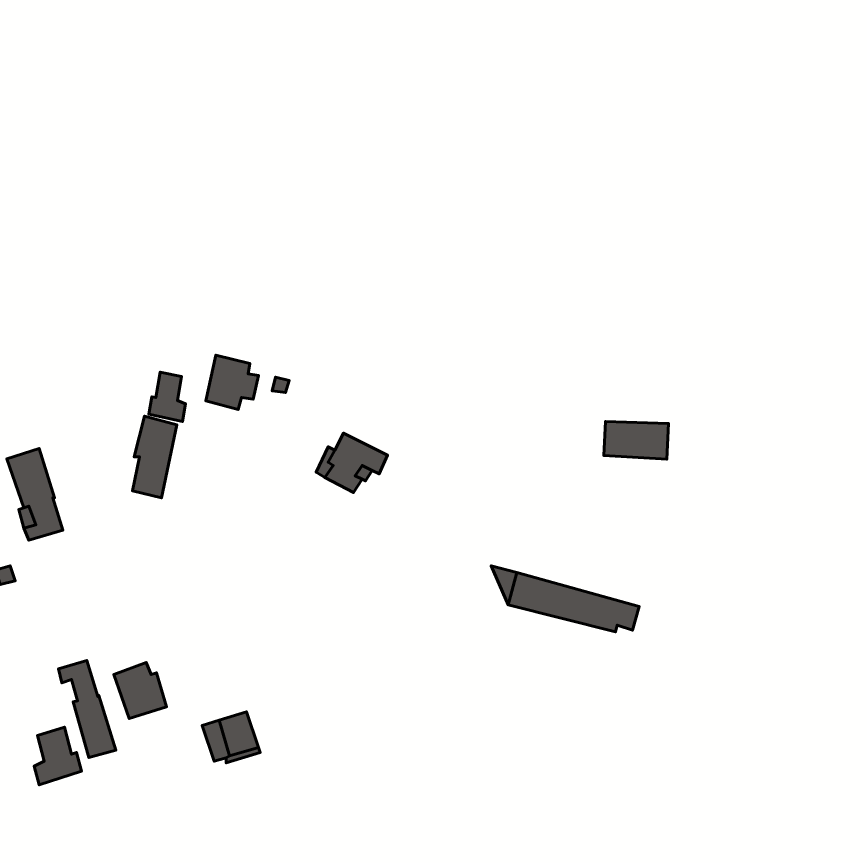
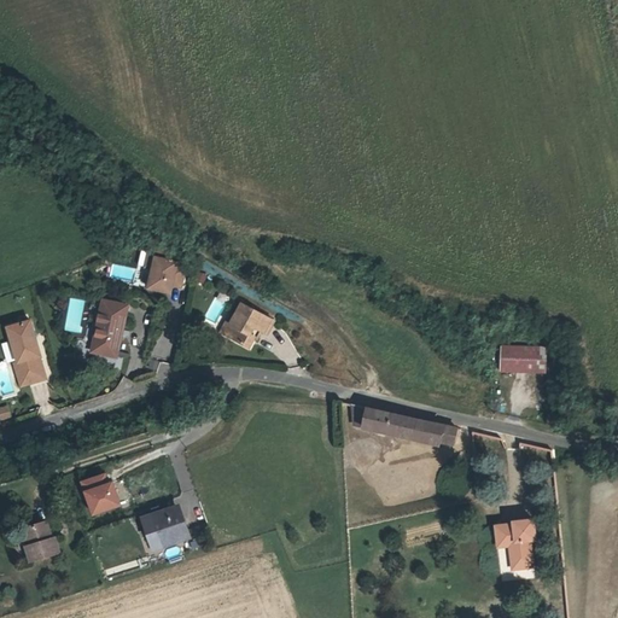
building: [149,372,186,422] -> none
building: [604,422,669,459] -> [497,350,543,377]
building: [59,660,116,758] -> none
building: none -> [495,529,532,572]

